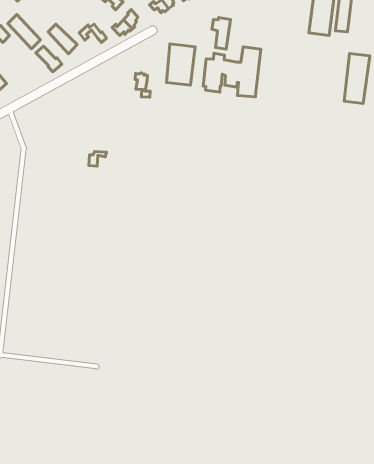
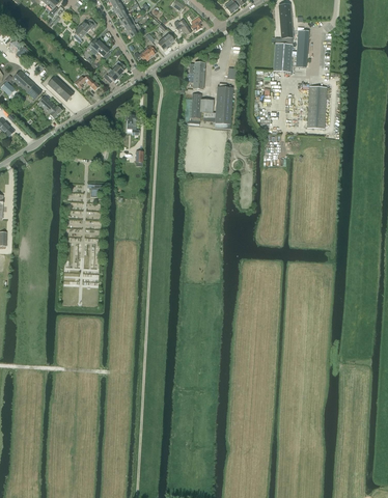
building: [166,44,195,85] -> none

